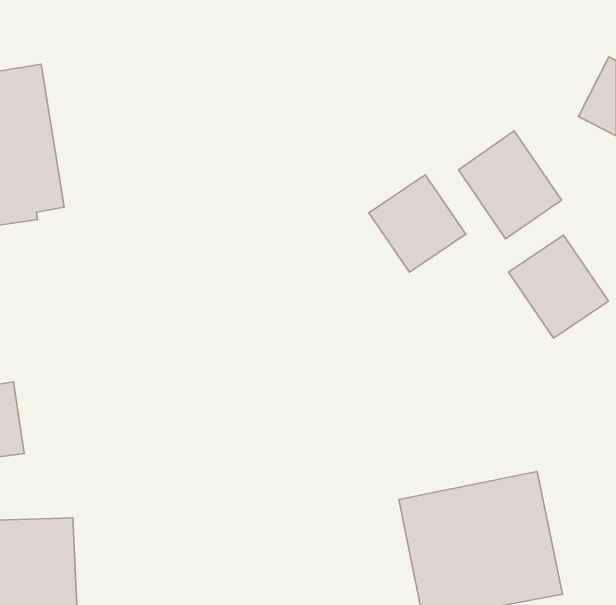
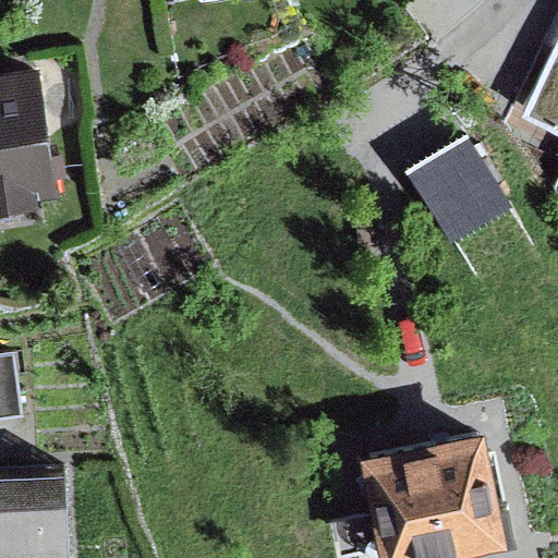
building: [369,175,466,272] -> none
building: [508,235,608,338] -> none

